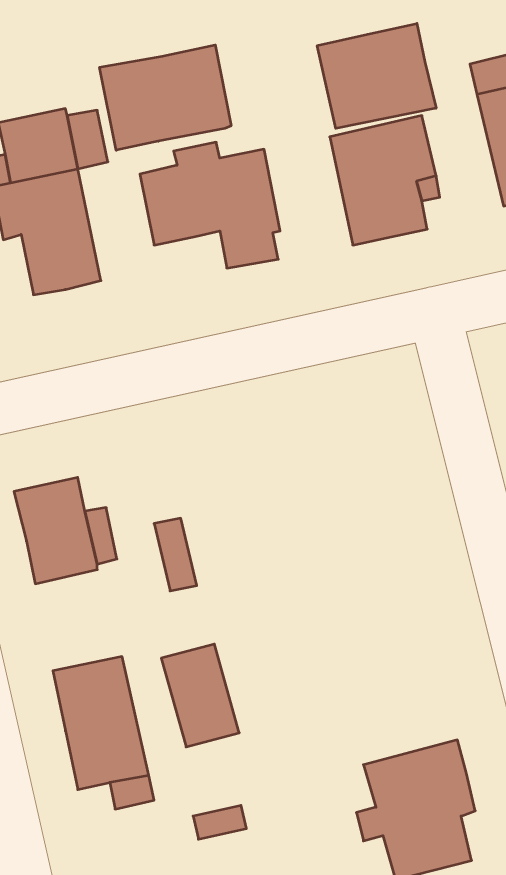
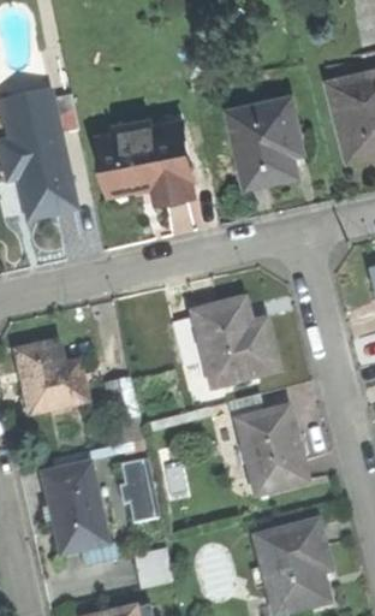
building: [317,23,436,128] -> none
building: [100,45,231,150] -> none
building: none -> [194,300,278,386]
building: none -> [236,407,305,492]

